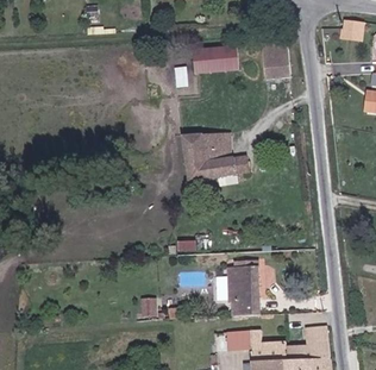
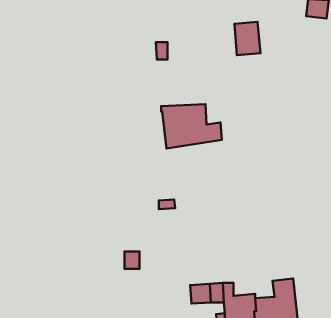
building: [192,46,238,73] -> none
building: [226,261,259,316] -> none

